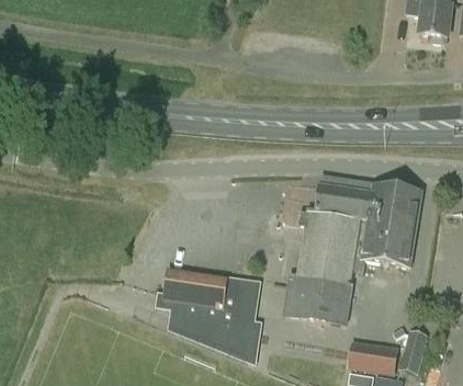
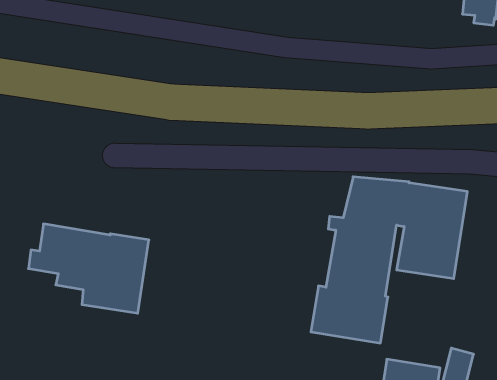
building: [155,268,261,347] -> [28,224,149,313]

